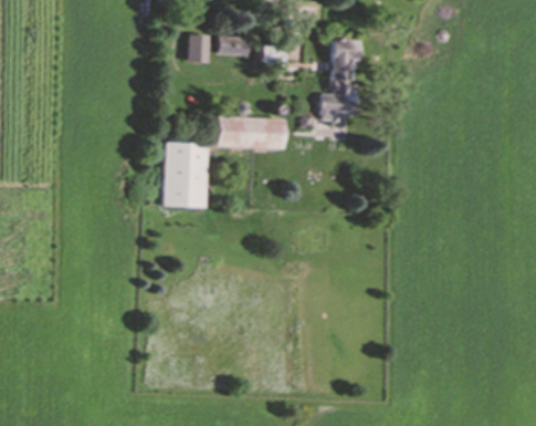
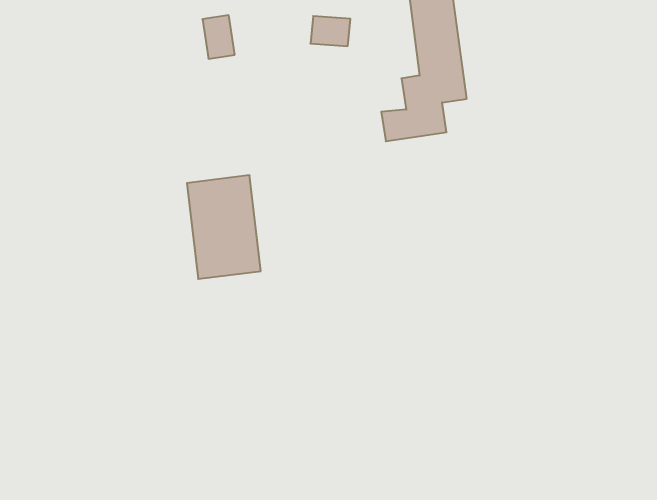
building: [218,37,251,55] -> none
building: [219,117,287,149] -> none

